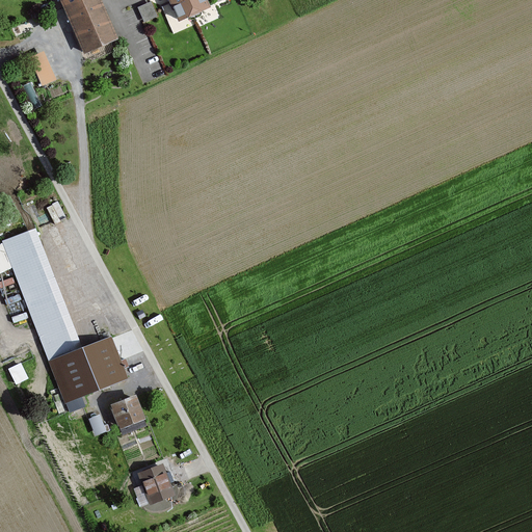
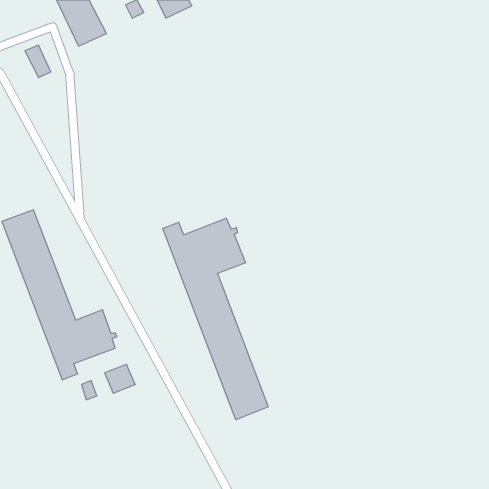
building: none -> [163,218,268,420]
building: [139,466,175,504] -> none

